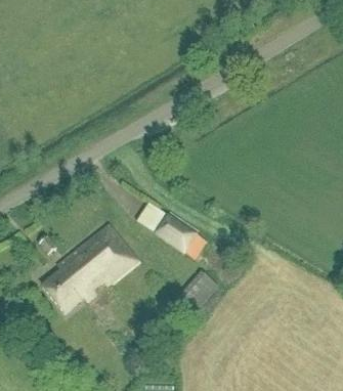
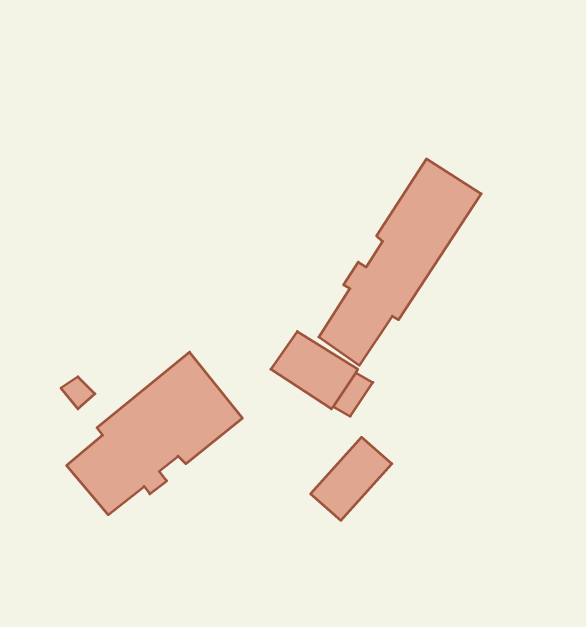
building: none -> [319,159,481,365]

